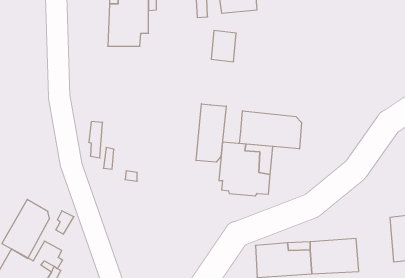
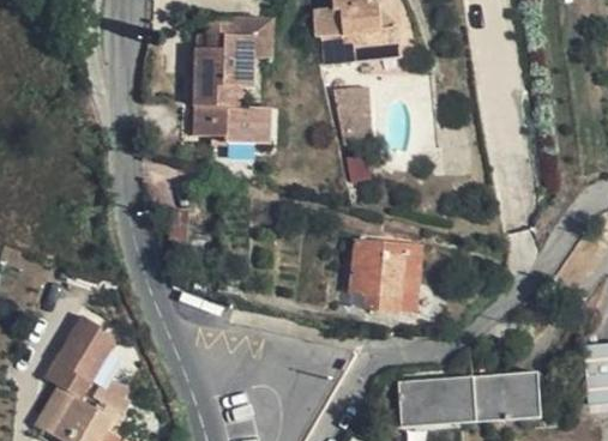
building: none -> [193,105,269,145]
building: [196,104,226,162] -> none
building: [240,111,301,149] -> none

